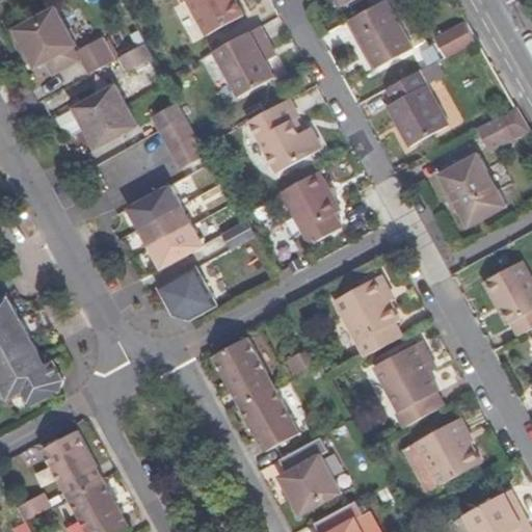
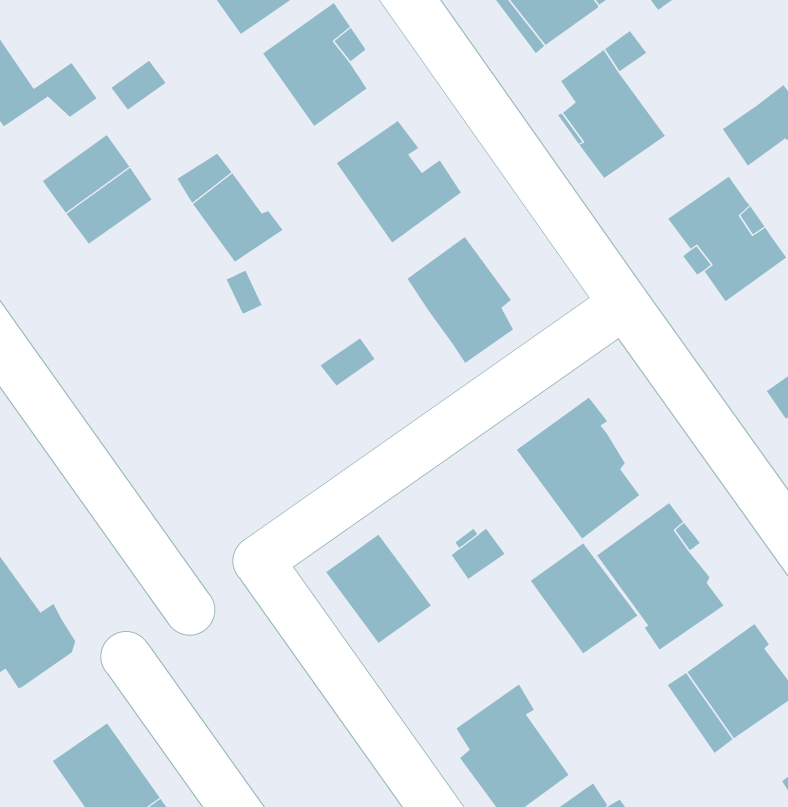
building: [130,187,205,271] -> none
building: [154,266,214,318] -> none
building: [238,385,299,451] -> [530,542,639,654]

